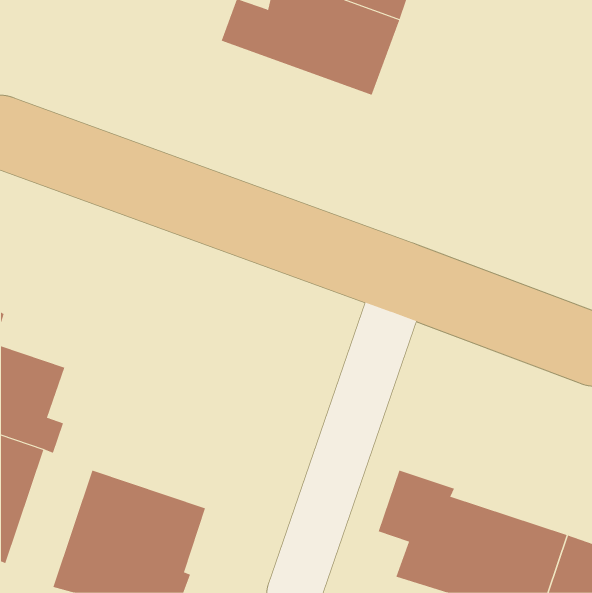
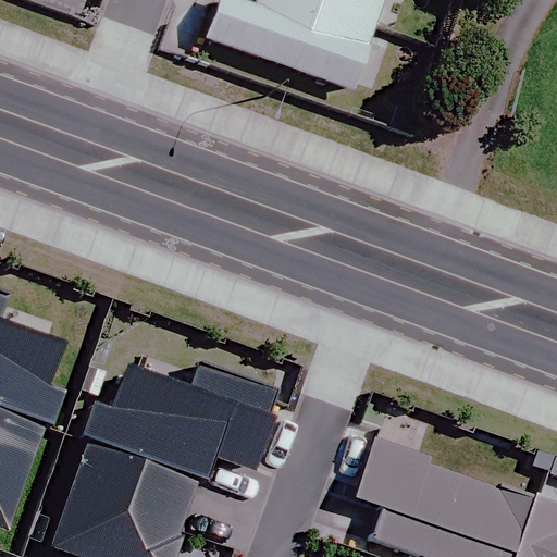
building: none -> [83,367,281,479]

